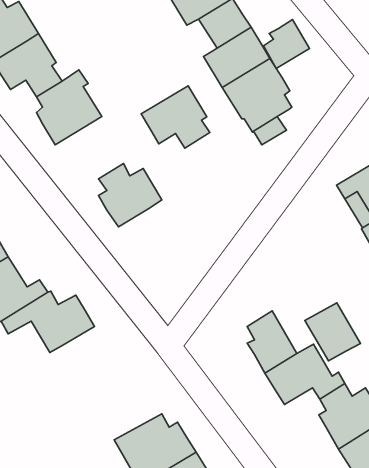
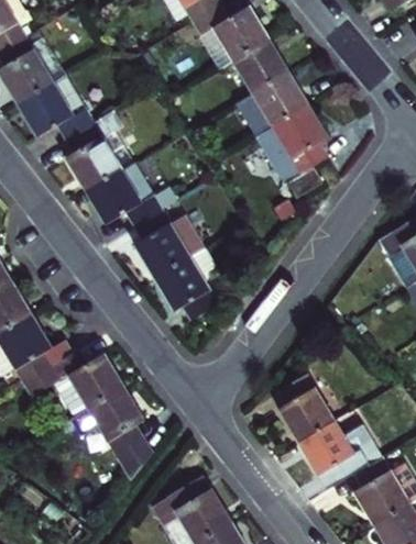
building: [263,19,309,68] -> none
building: [141,86,210,148] -> [83,166,155,232]
building: none -> [150,263,209,321]
building: [305,303,361,361] -> none
building: none -> [75,388,153,479]

